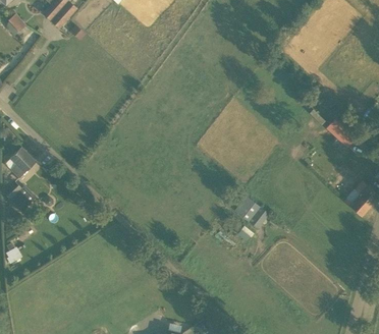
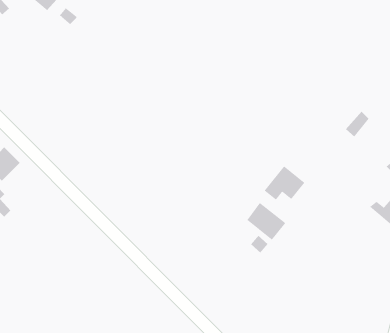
building: none -> [264,166,305,201]

